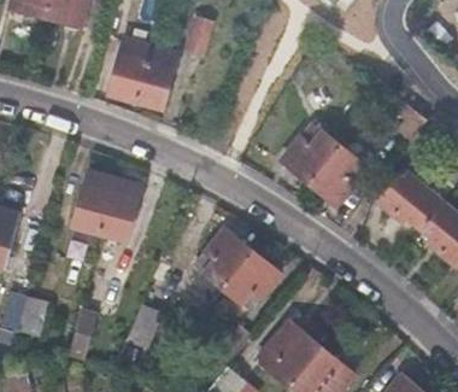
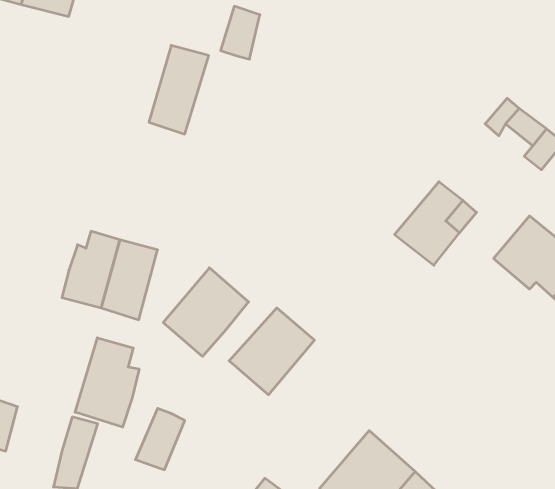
building: [107,39,149,101] -> none
building: [289,121,339,181] -> none
building: none -> [75,338,139,427]
building: [218,256,278,318] -> [163,268,249,356]

